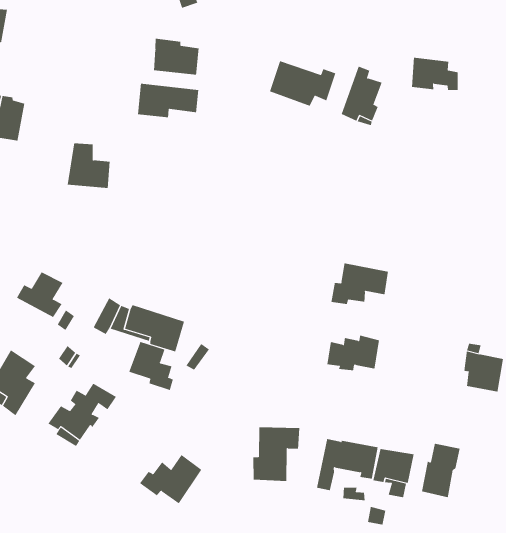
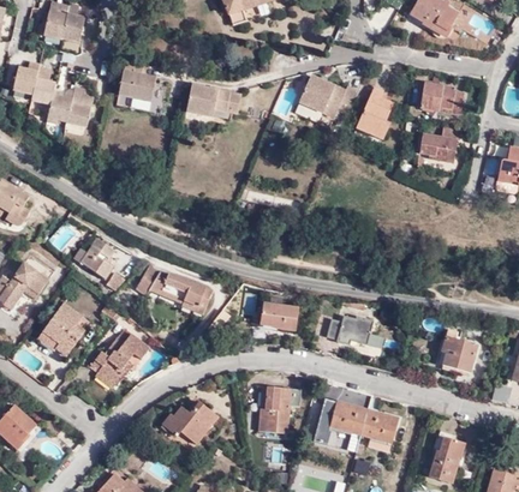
building: [153,38,199,75] -> none
building: none -> [419,126,458,163]
building: [67,143,111,189] -> [117,61,155,102]
building: [331,263,388,305] -> none
building: none -> [262,302,300,330]
building: [129,341,173,391] -> none
building: [421,443,460,498] -> [430,436,466,482]

